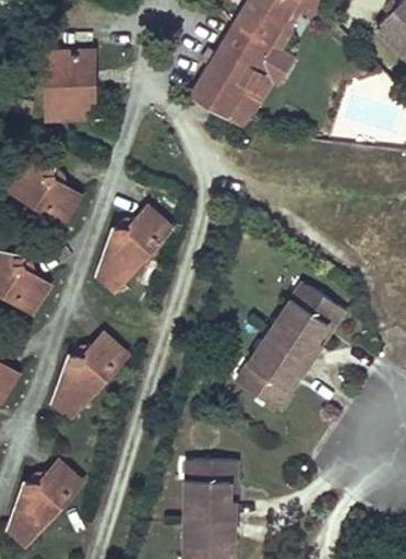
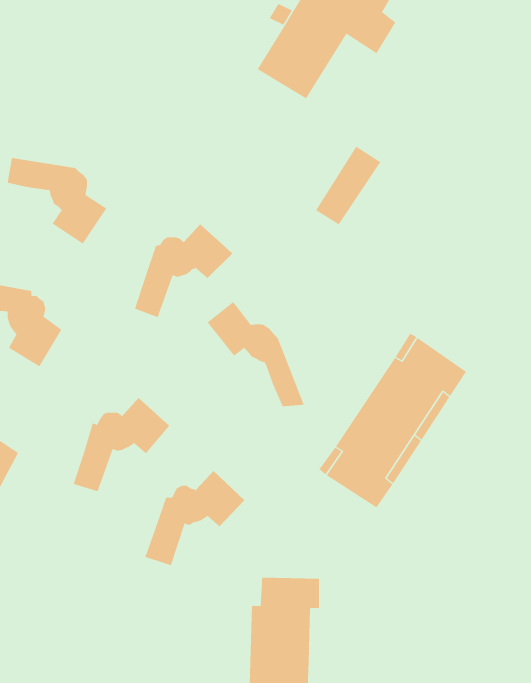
building: [45,52,92,119] -> none
building: [225,71,273,129] -> [315,146,381,225]
building: none -> [207,301,304,407]
building: [9,462,82,532] -> [145,470,245,566]

